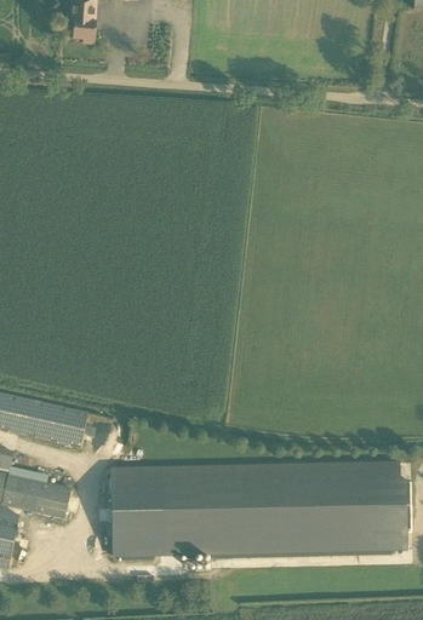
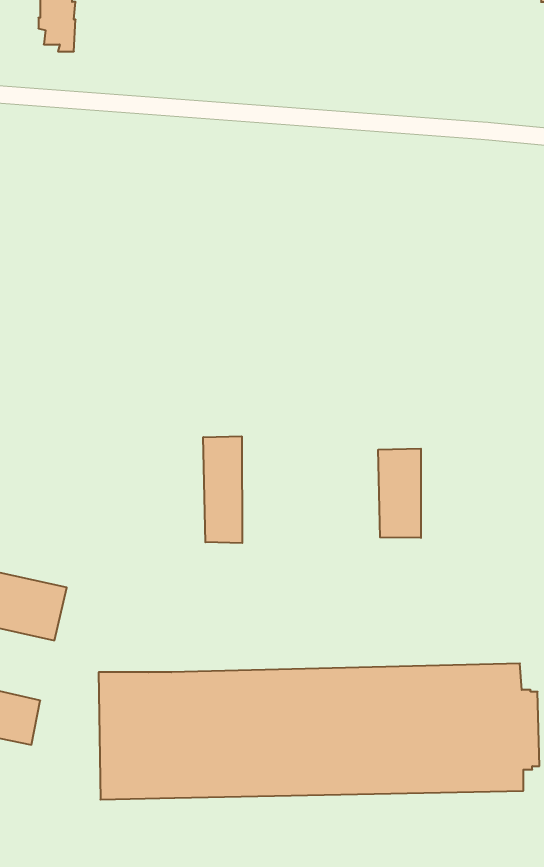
building: none -> [203,436,242,543]
building: none -> [378,449,421,538]

